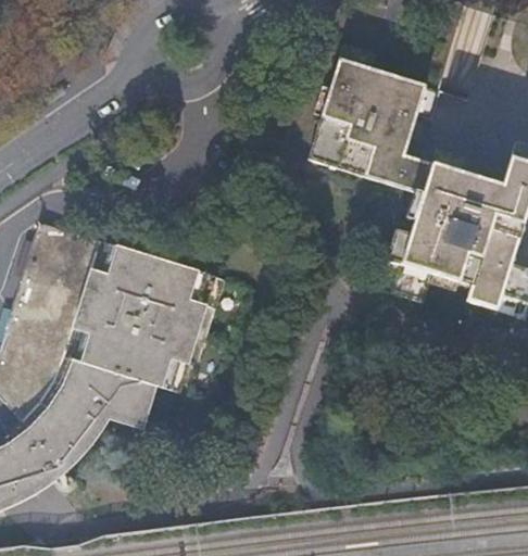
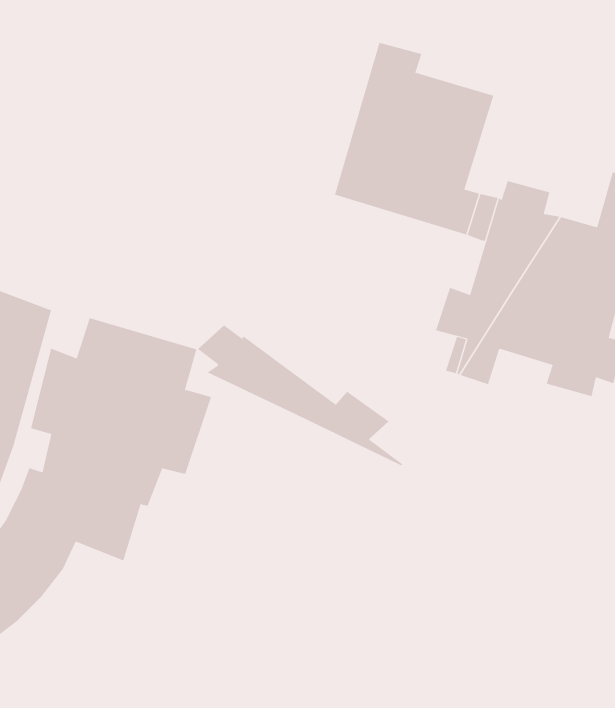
building: none -> [197,325,403,466]

